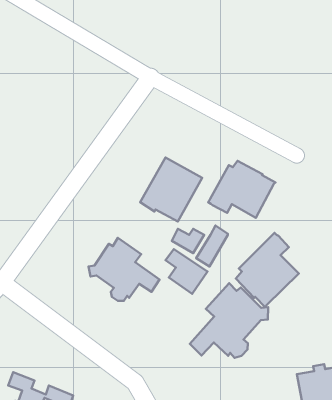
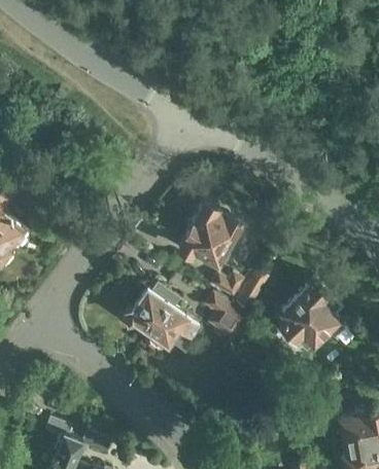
building: [208,161,275,218] -> none
building: [190,283,268,358] -> none

